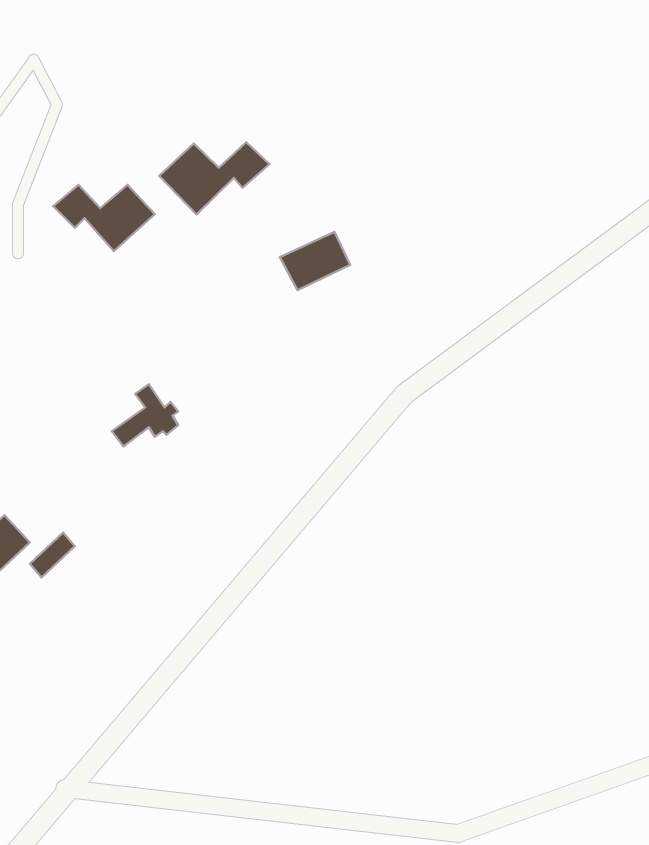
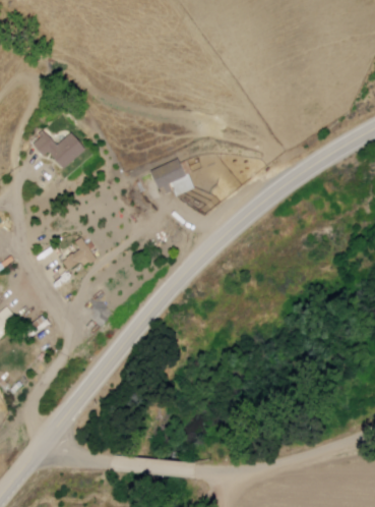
building: [159,142,269,214] -> none

